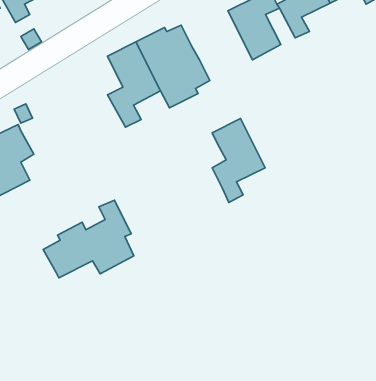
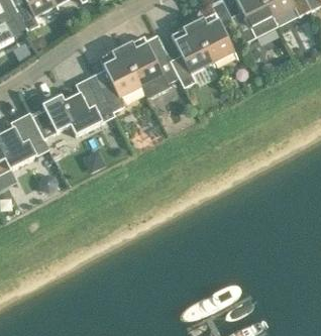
building: [212,119,265,203] -> [171,22,212,88]
building: [43,200,134,278] -> [31,78,102,138]

